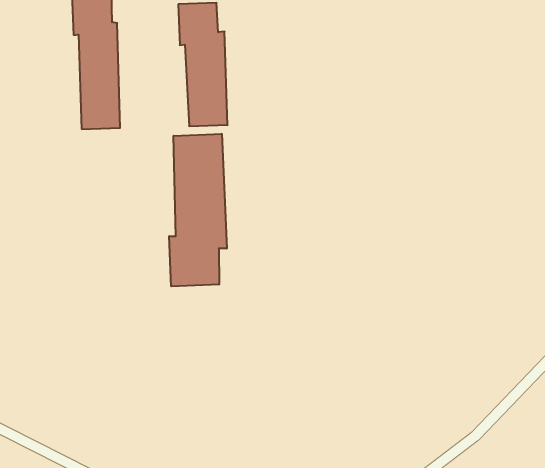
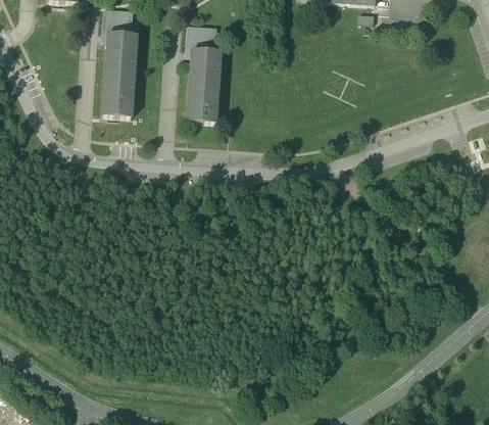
building: [169,134,227,286] -> none

